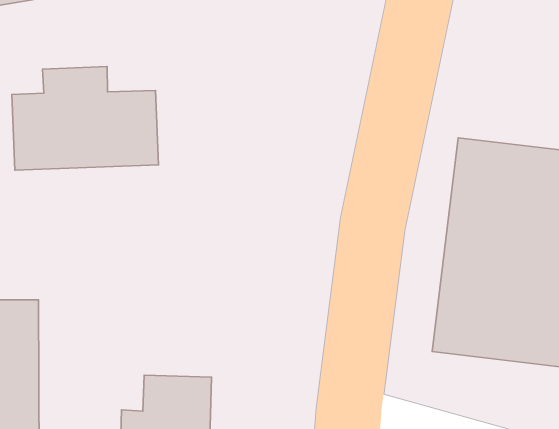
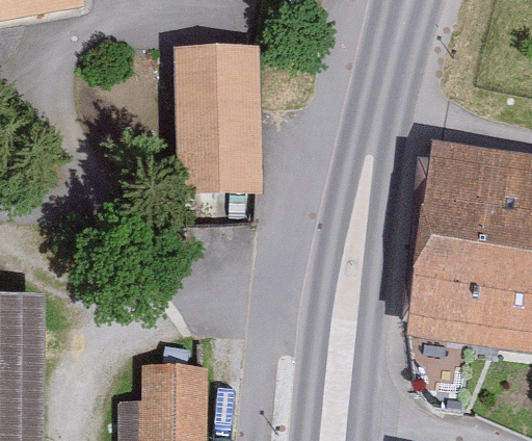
building: none -> [175,43,260,189]
building: [12,67,159,170] -> none

